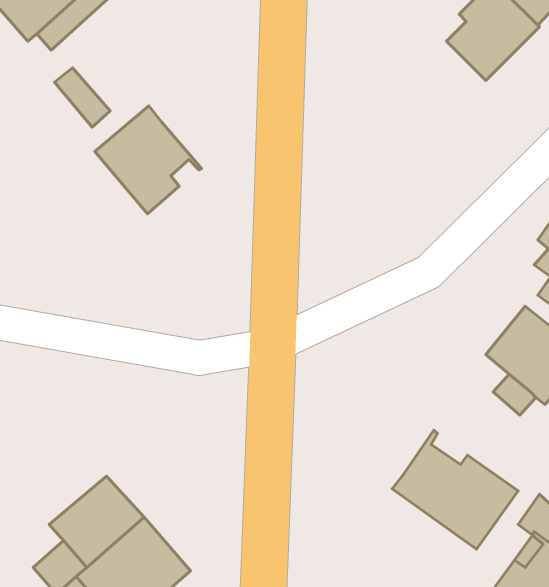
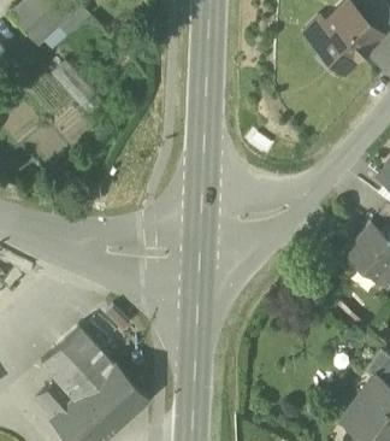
building: [95,106,202,214] -> none
building: [392,430,518,549] -> none

